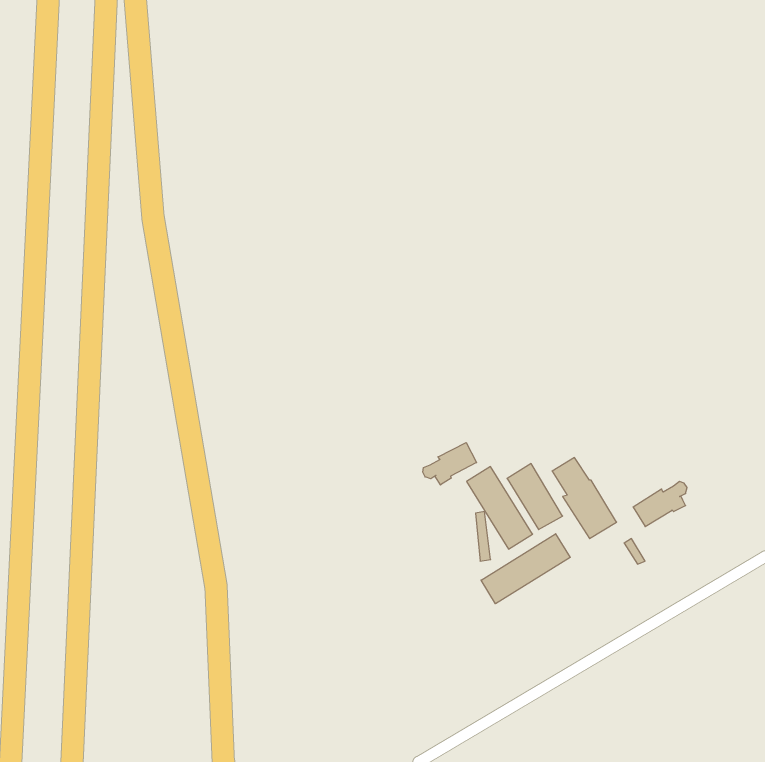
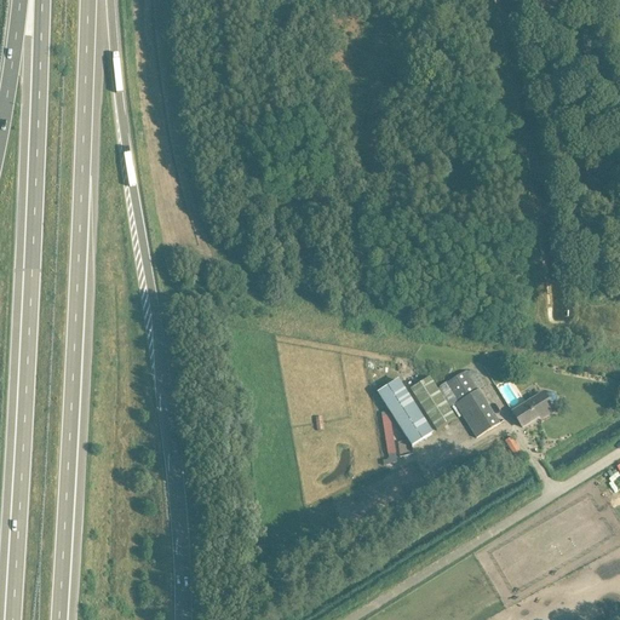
building: [423,443,477,485] -> none
building: [481,534,570,604] -> none

